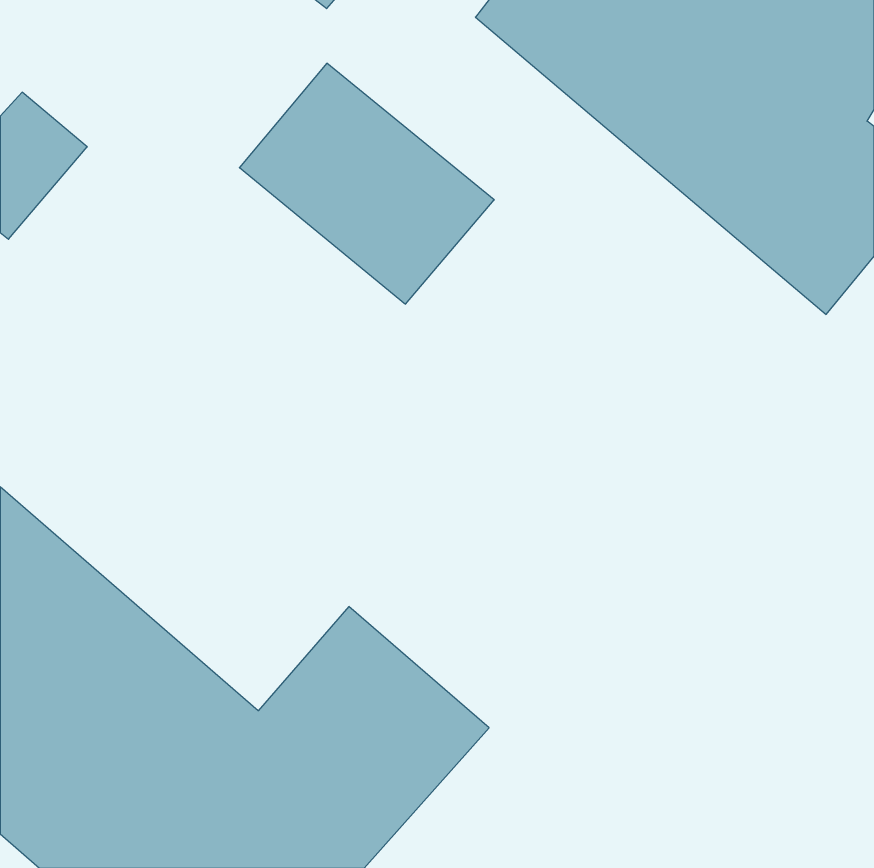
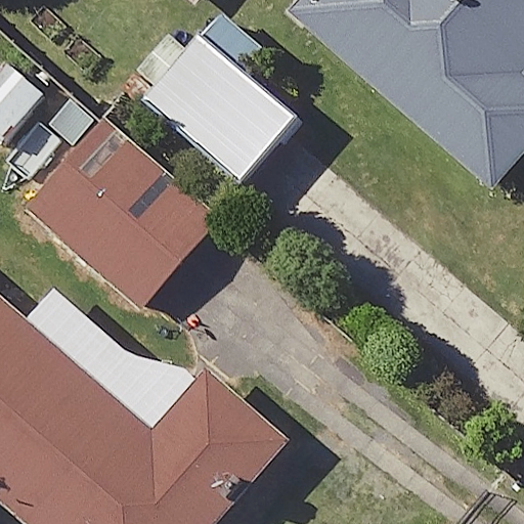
building: none -> [26,121,219,309]

